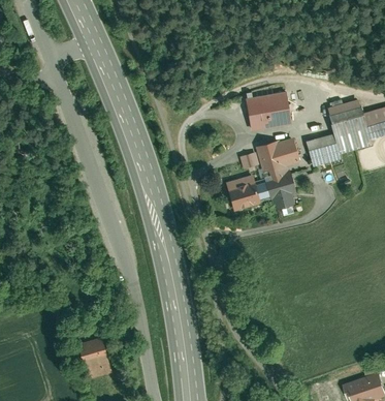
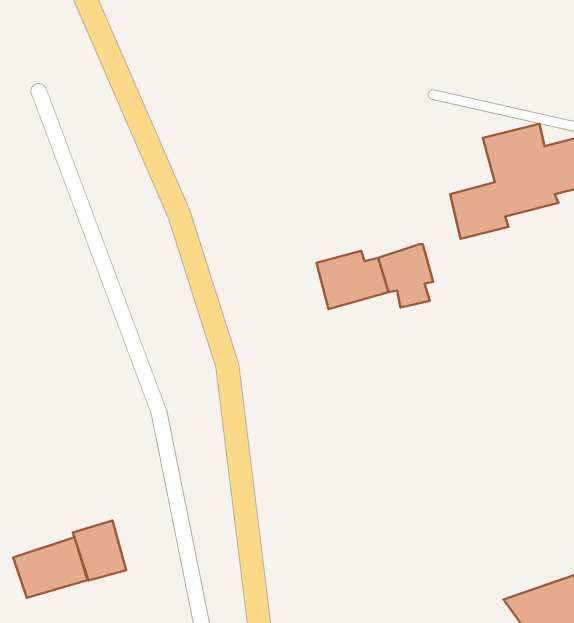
building: [246,90,290,129] -> none
building: [254,137,298,179] -> none
building: none -> [13,537,88,598]

